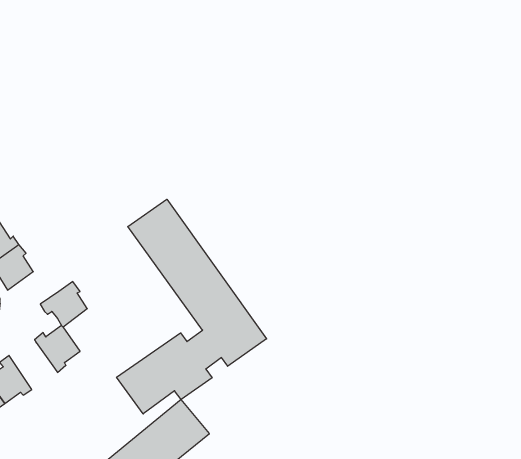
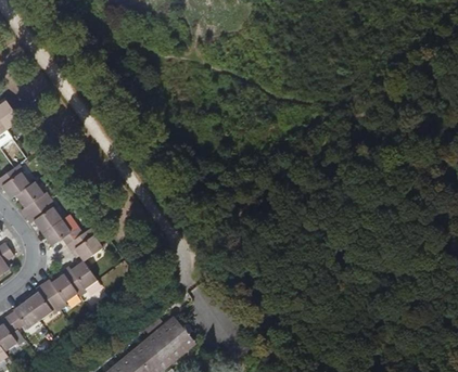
building: [117,199,267,414] -> none
building: none -> [41,219,80,245]
building: none -> [42,273,77,309]

